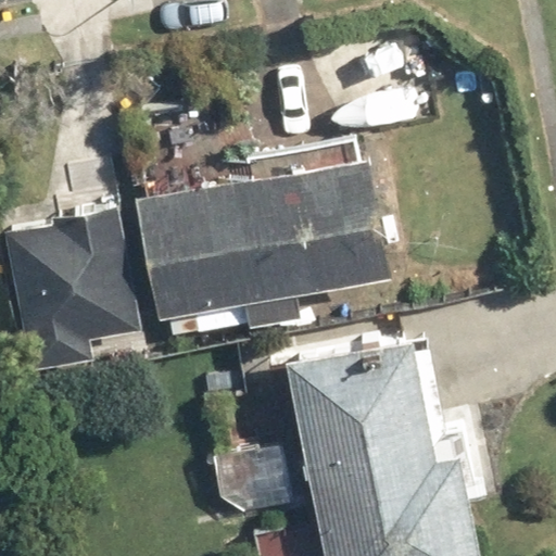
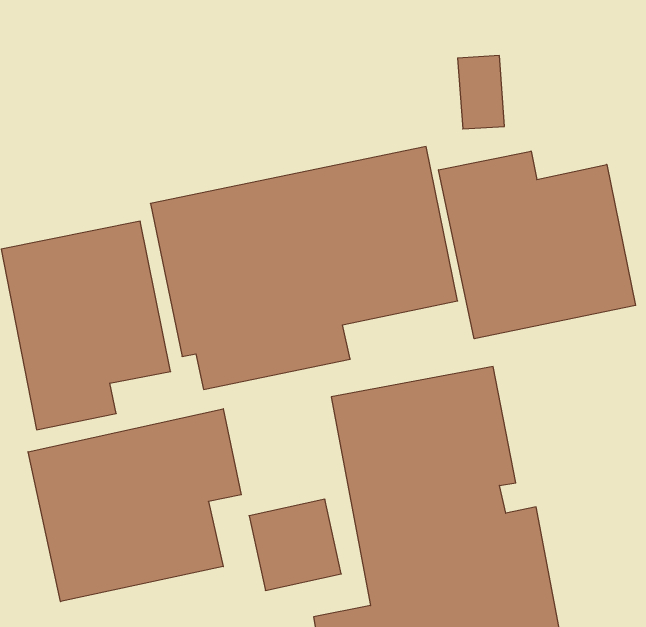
building: none -> [439,151,636,339]
building: none -> [28,409,241,602]

